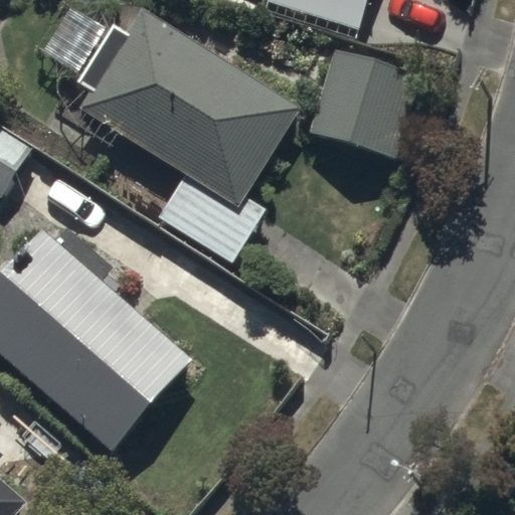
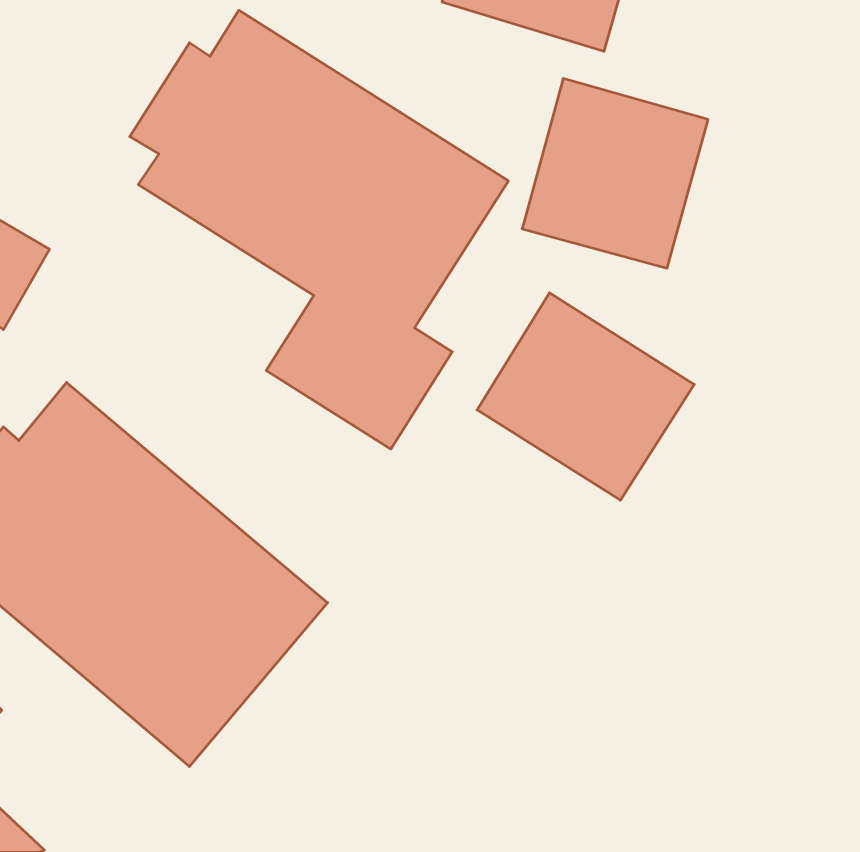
building: none -> [477,293,694,500]

